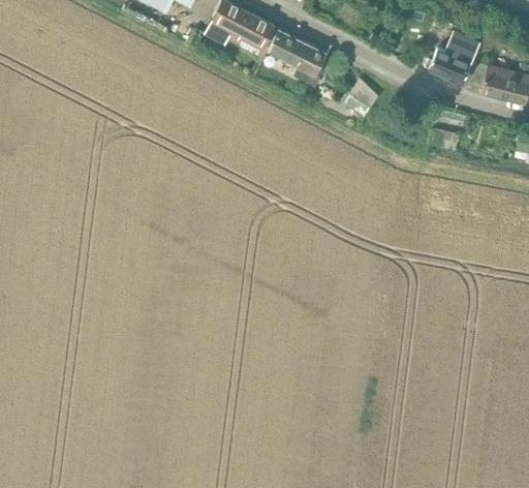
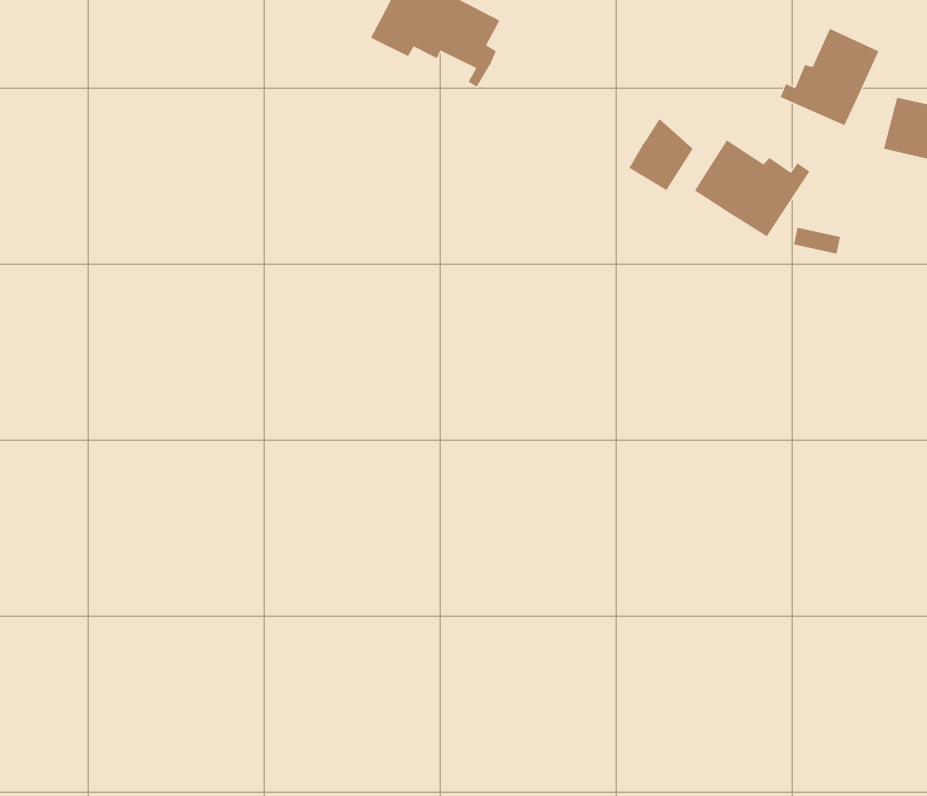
building: [264,30,331,83] -> none
building: none -> [694,140,810,237]

